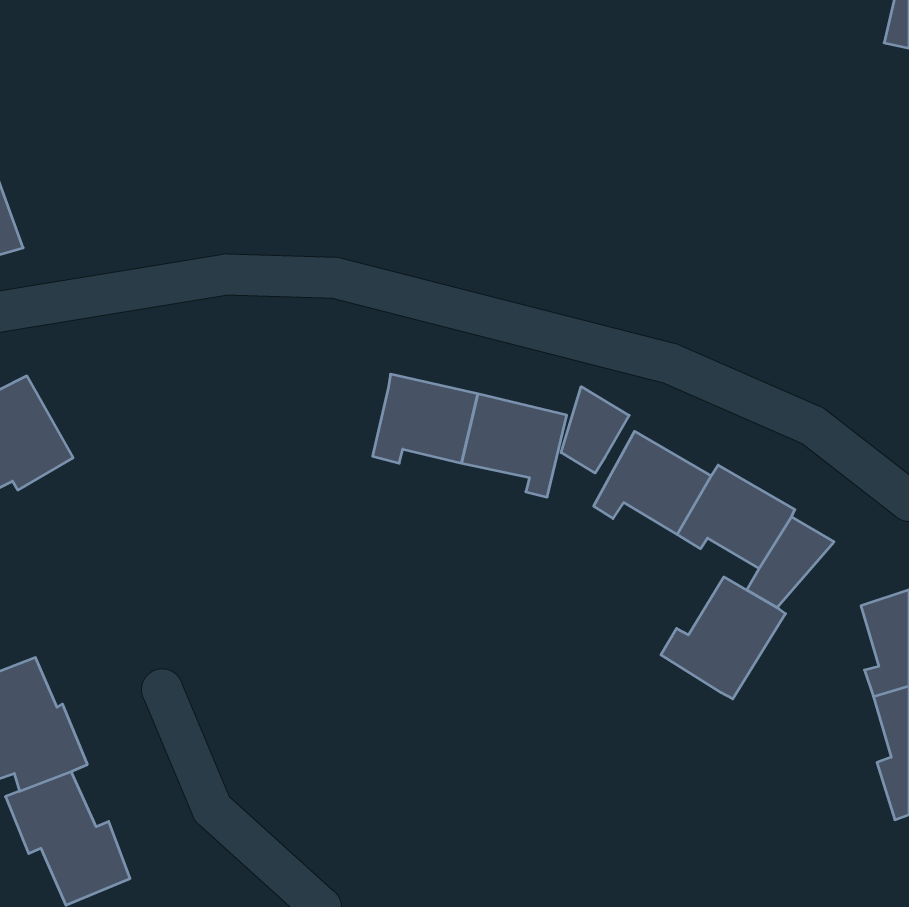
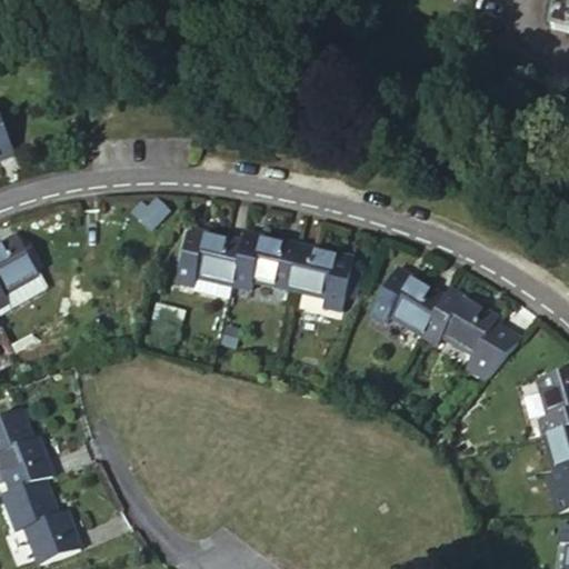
building: none -> [177,228,242,284]
building: [561,387,629,473] -> none
building: [661,577,786,699] -> none

